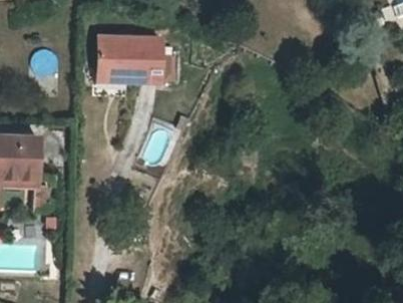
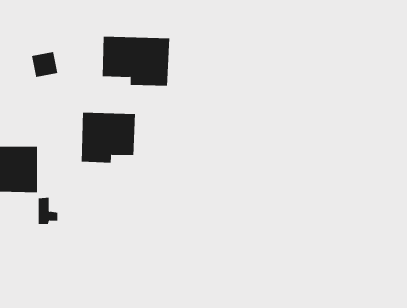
building: none -> [81,112,135,163]

